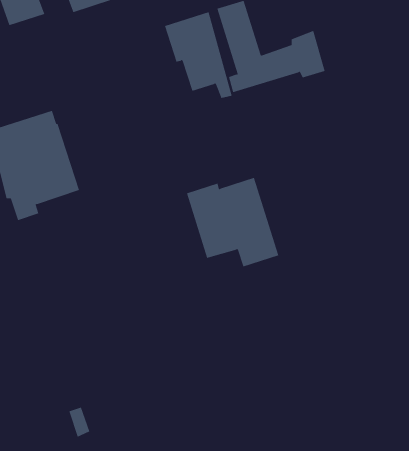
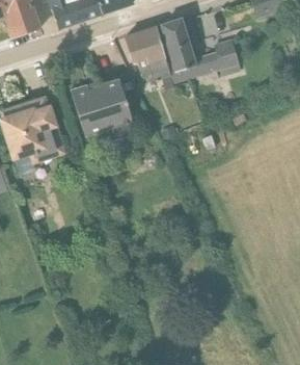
building: [186,177,279,267] -> [70,76,136,140]

